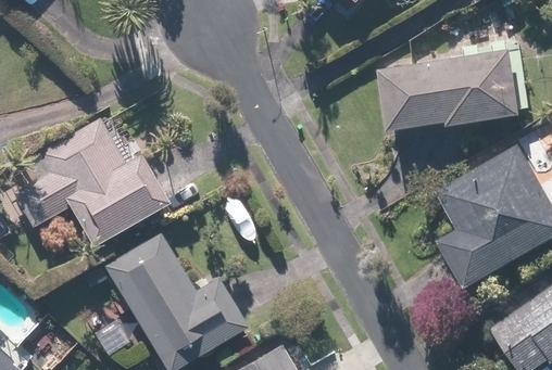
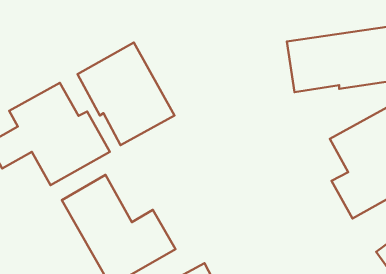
building: none -> [77,43,174,145]

